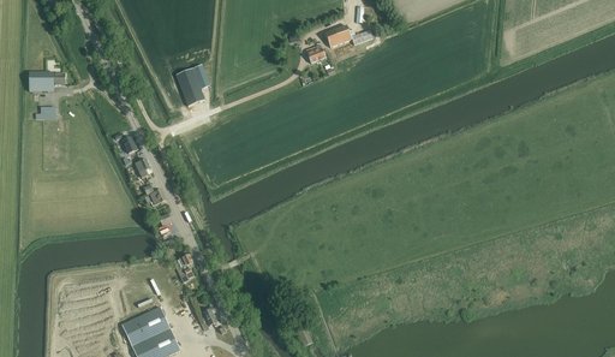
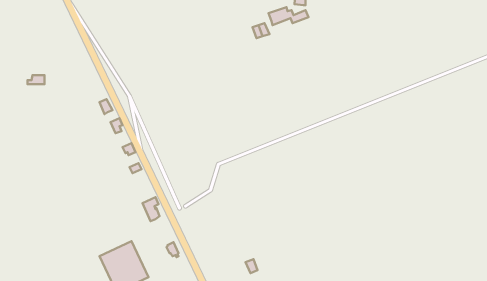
building: [175,67,204,106] -> none
building: [29,72,64,91] -> none

